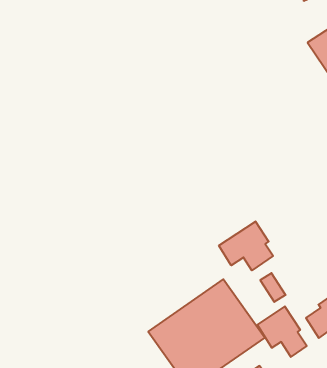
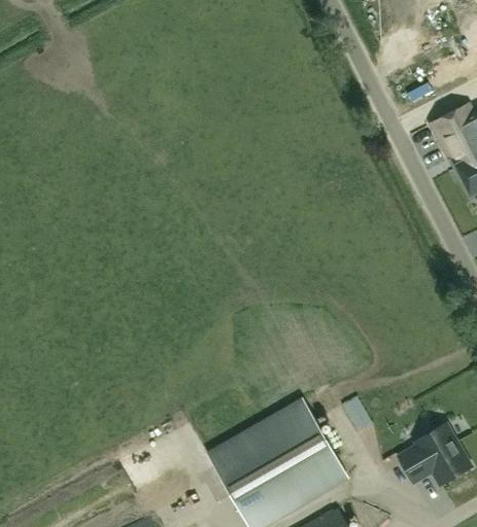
building: [219,221,273,270] -> none
building: [257,306,307,357] -> none

